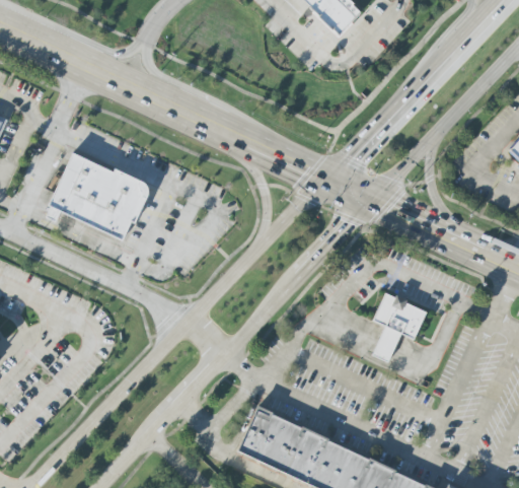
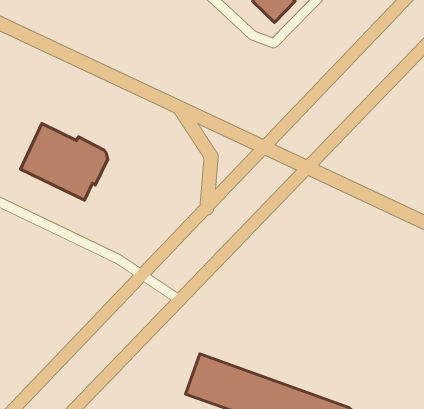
building: [373,291,426,363] -> none

